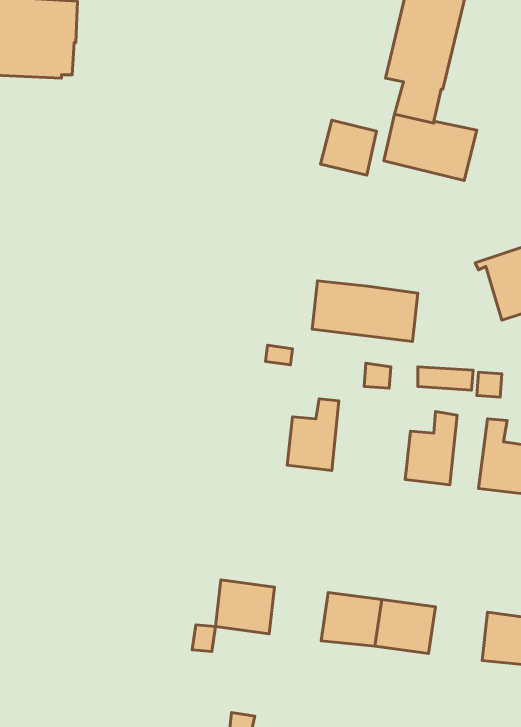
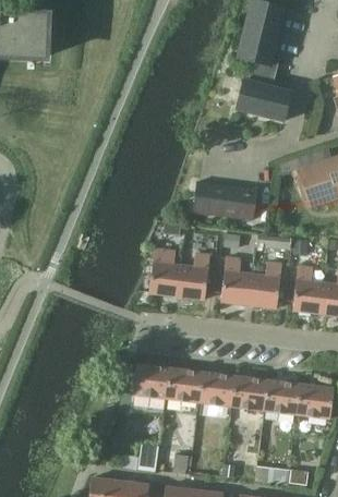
building: [321,120,376,175] -> none
building: none -> [150,248,181,294]
building: none -> [222,257,253,303]
building: none -> [167,368,203,401]
building: none -> [264,380,300,413]

